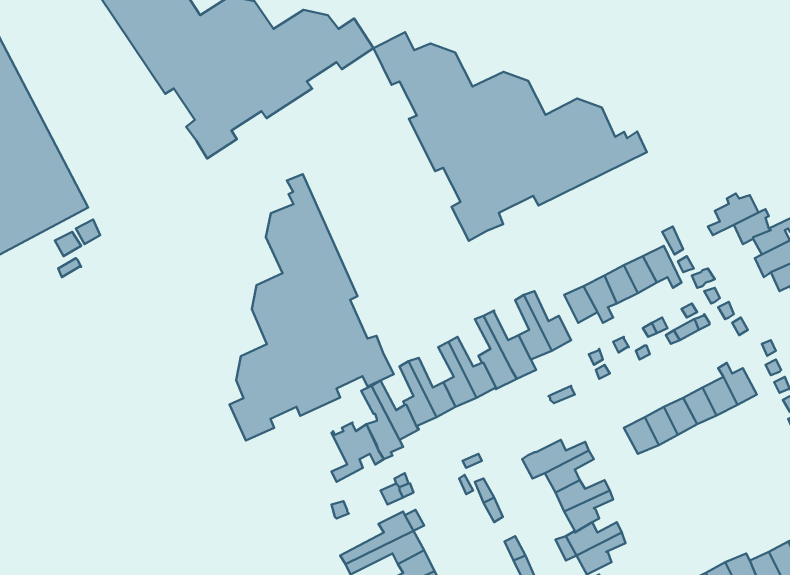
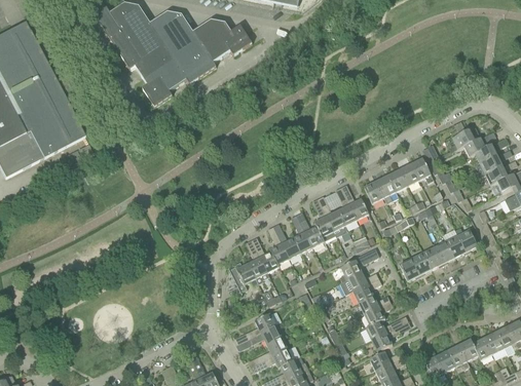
building: [373,32,647,241] -> none
building: [229,174,394,440] -> none
building: none -> [339,247,379,281]

